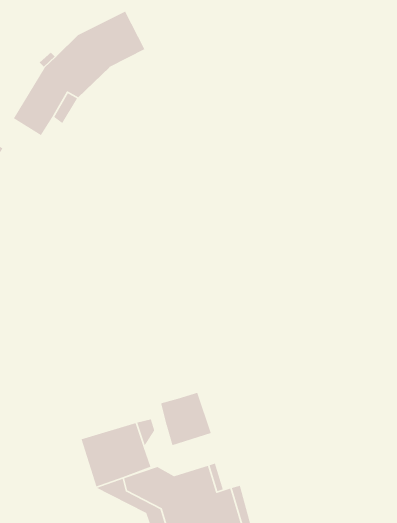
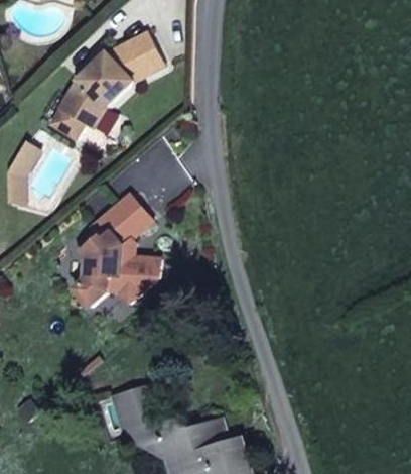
building: none -> [74,194,160,308]
building: [160,392,212,446] -> none

